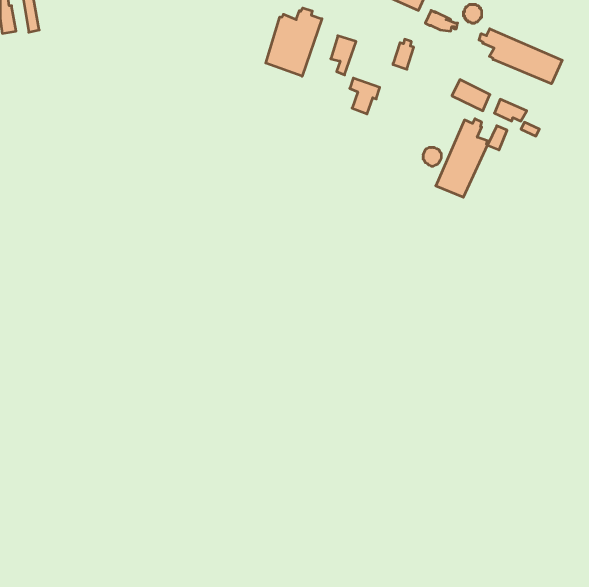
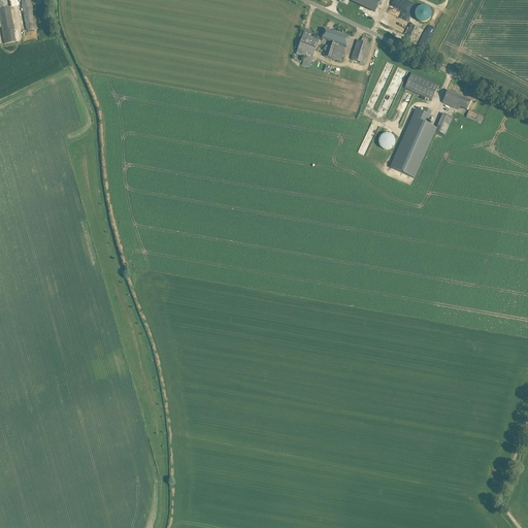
building: [266,8,322,76] -> none
building: [479,29,562,84] -> none
building: [350,78,380,114] -> [322,27,349,59]

